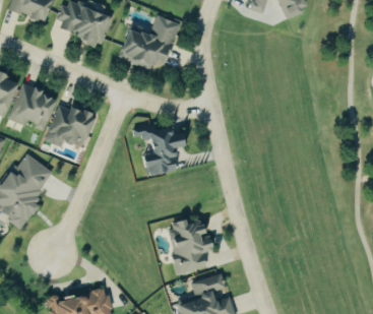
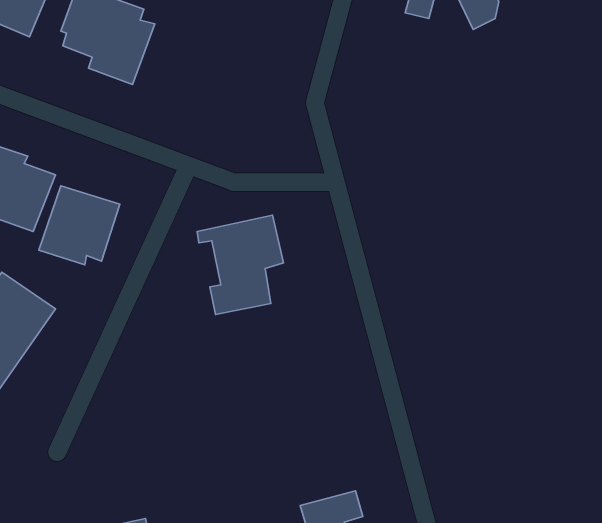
building: [117,14,180,69] -> none
building: [168,216,215,275] -> none

